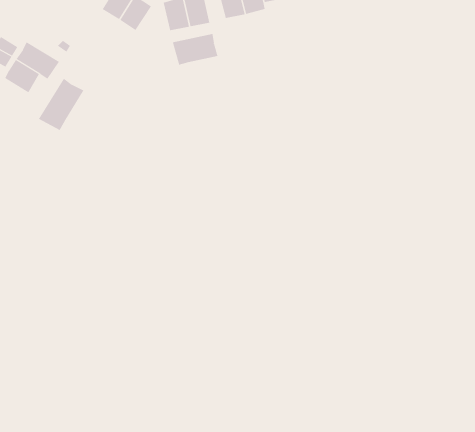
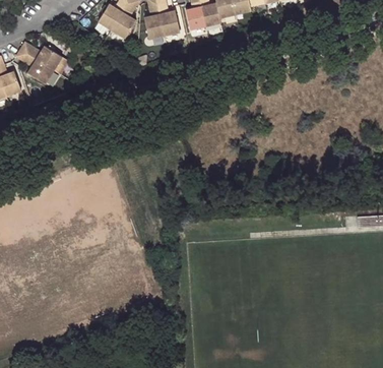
building: [172,33,218,66] -> none
building: [38,78,84,131] -> none

